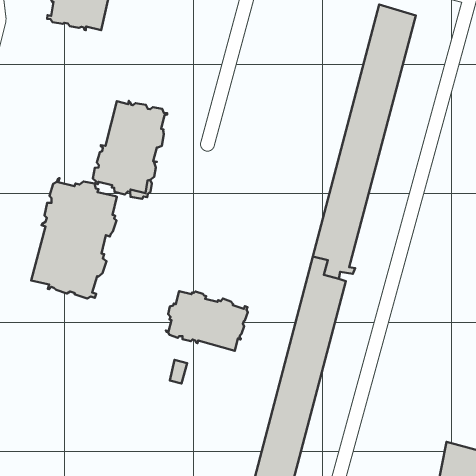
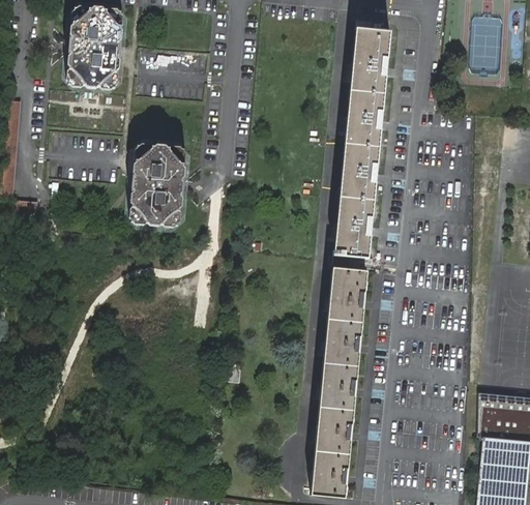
building: [31,178,117,298] -> none
building: [166,291,248,351] -> none

